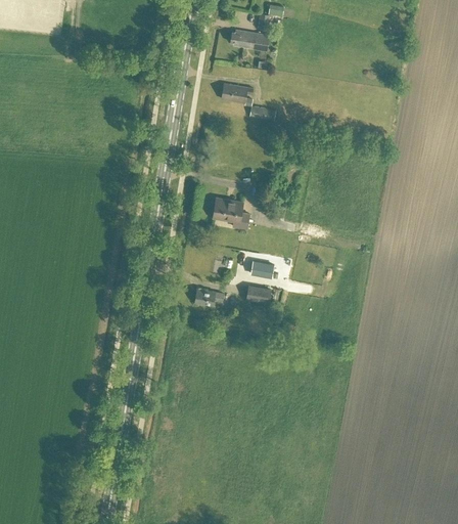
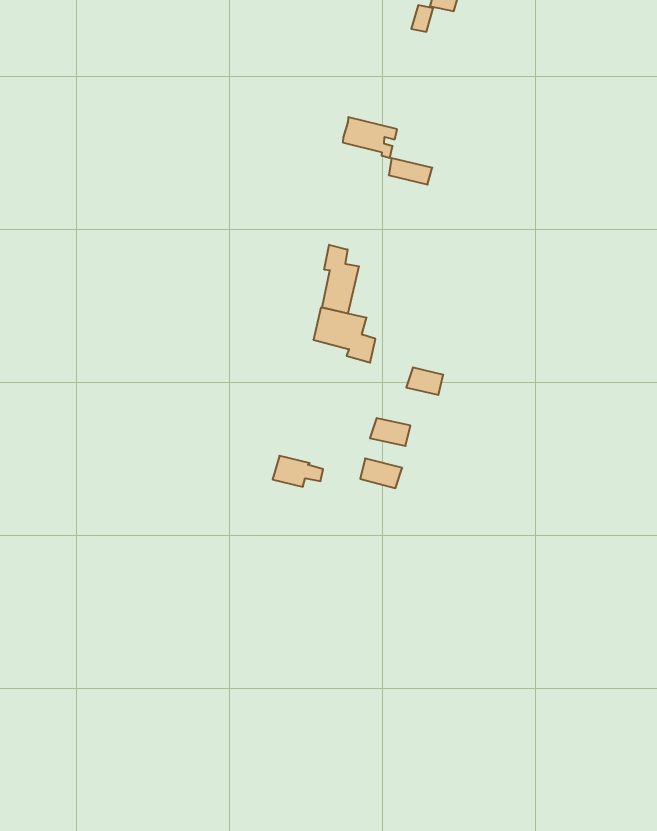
building: [230,30,269,51] -> none
building: none -> [322,245,359,314]

